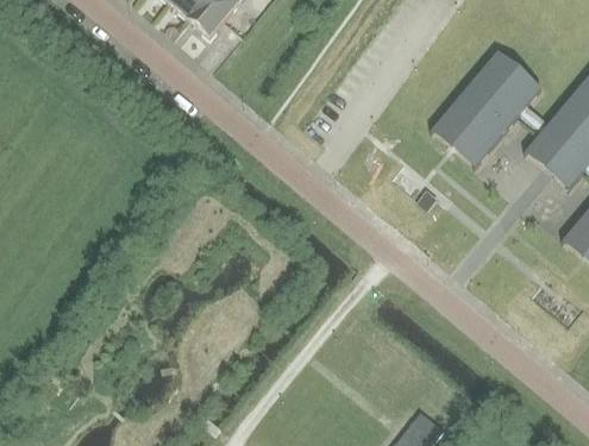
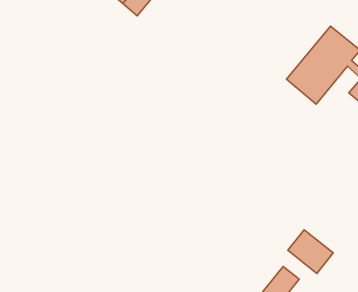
building: none -> [288,230,333,273]

